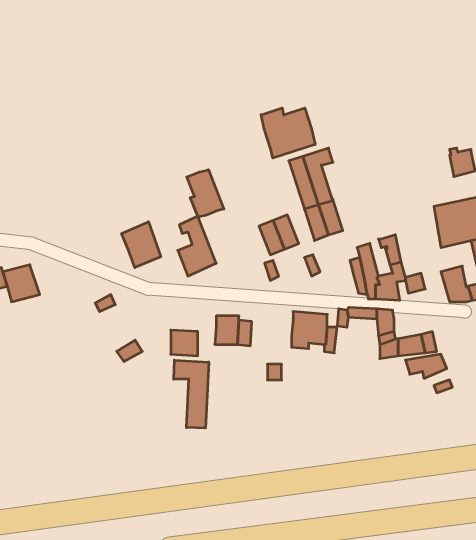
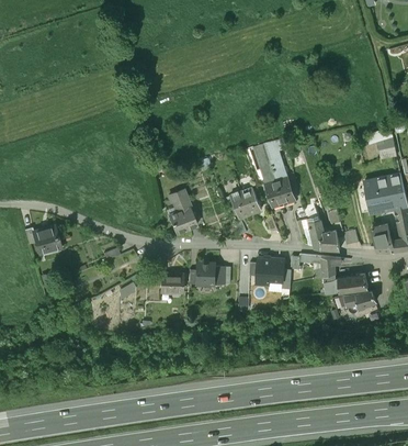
building: [261,108,315,158] -> none
building: [187,170,224,217] -> none
building: [122,222,161,268] -> none
building: [174,360,209,428] -> none

